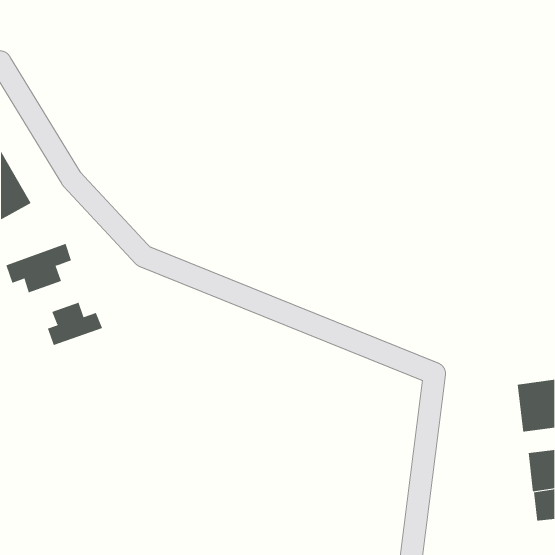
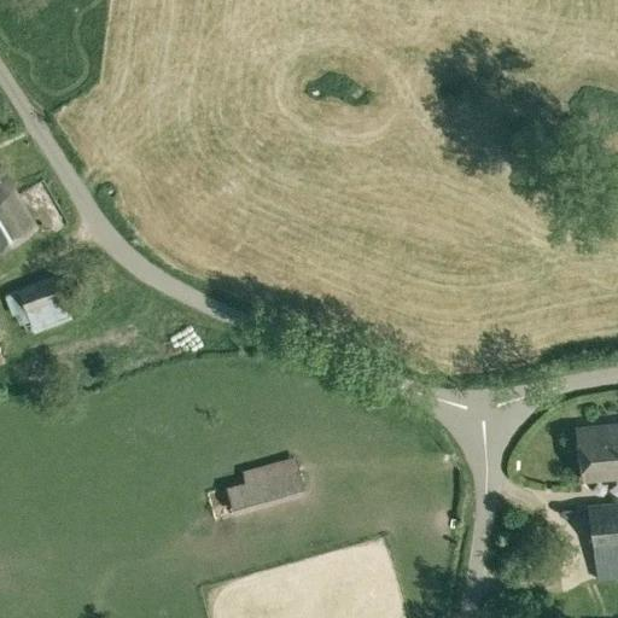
building: [47,302,103,346] -> none
building: none -> [228,466,305,511]

